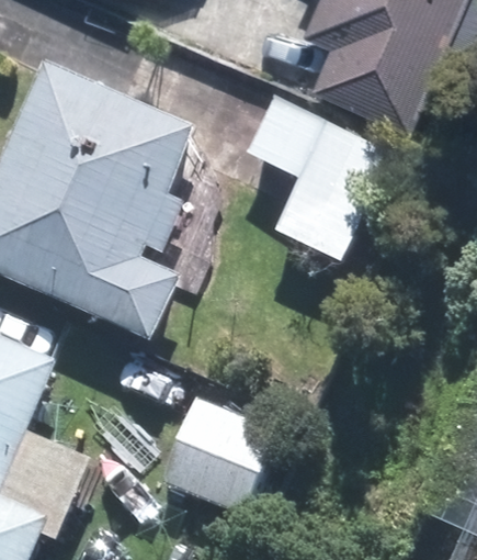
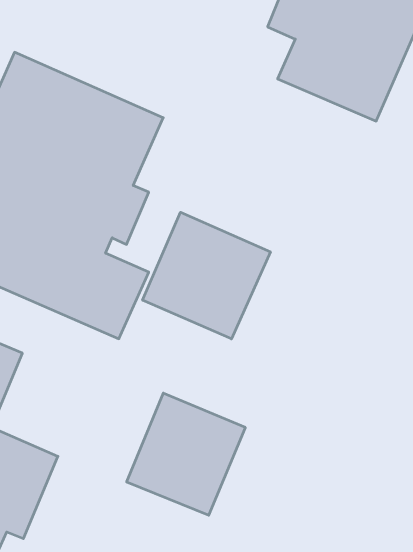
building: [246,94,394,261] -> none
building: none -> [143,212,270,339]

